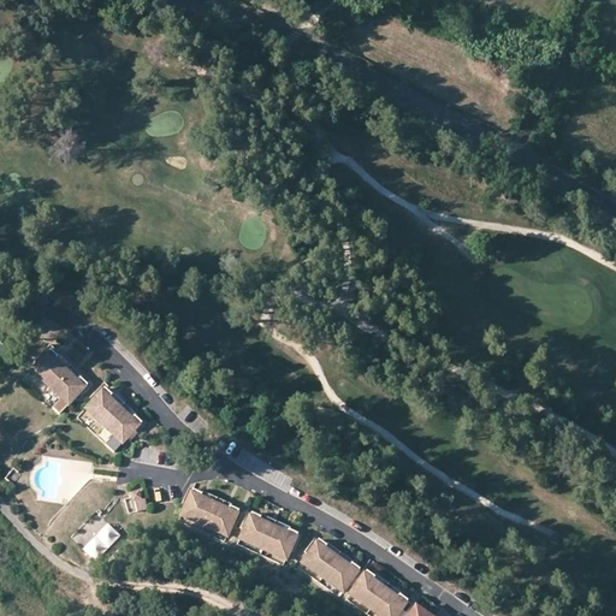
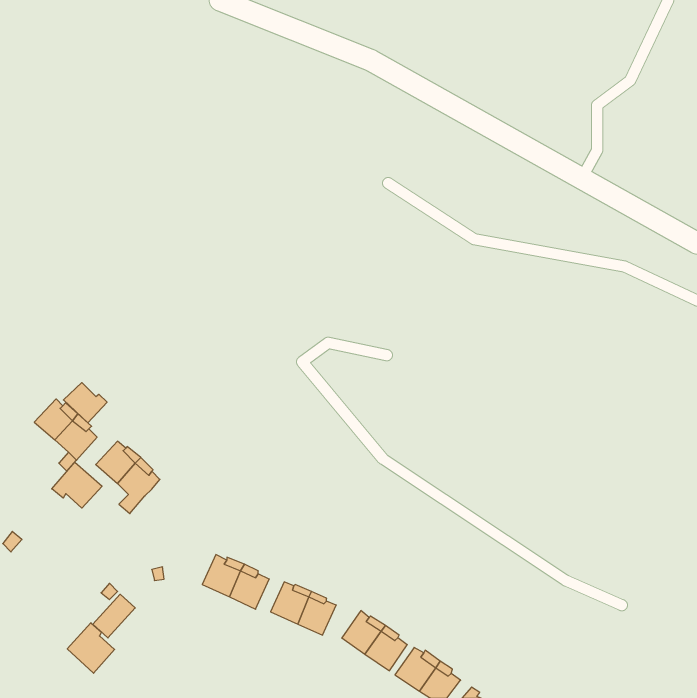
building: none -> [63,383,107,423]
building: none -> [52,462,102,508]
building: none -> [67,623,115,673]

